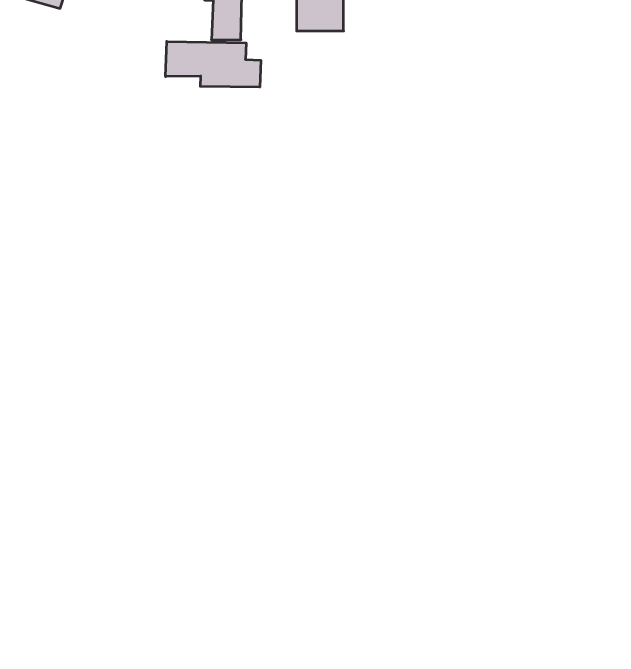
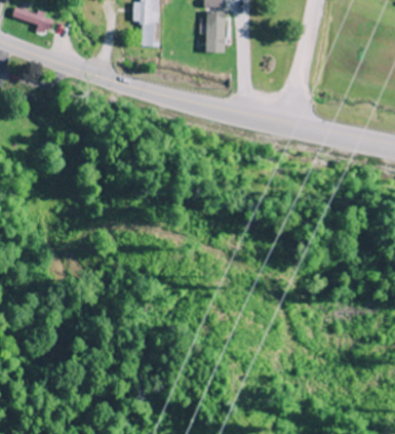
building: [166,41,261,87] -> none

